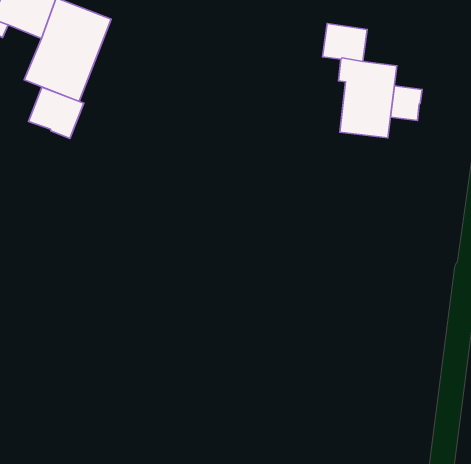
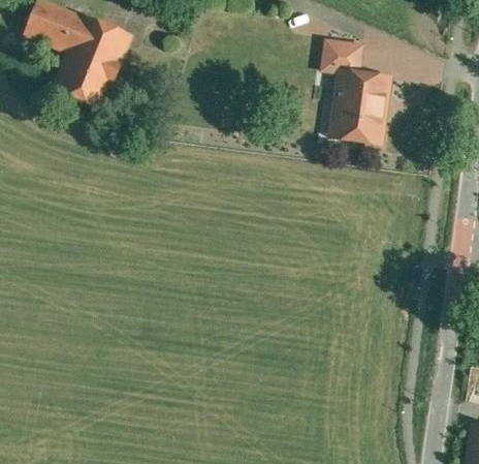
building: [391,86,422,121] -> none
building: [29,87,84,139] -> none

